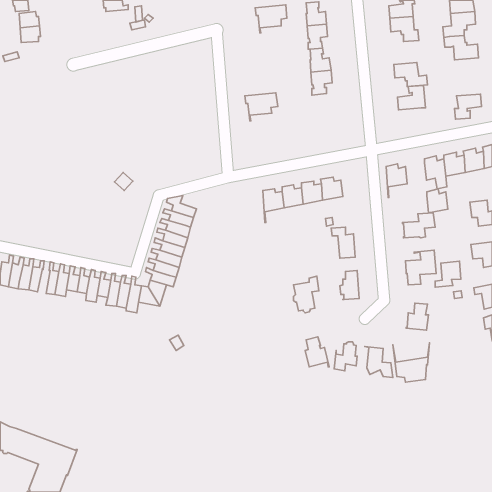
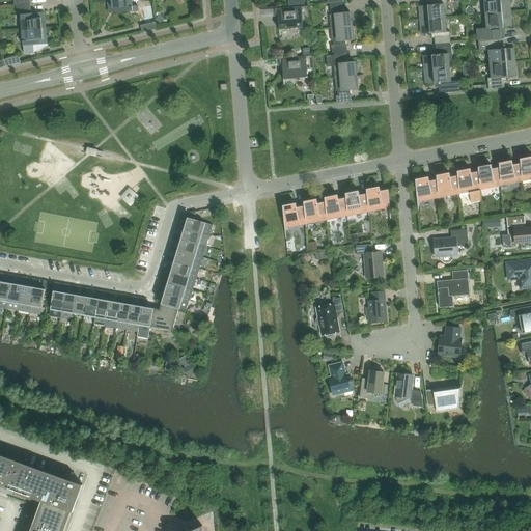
building: [398,86,425,110] -> [423,44,453,69]
building: [245,93,278,121] -> [279,55,314,85]
building: [455,94,482,119] -> [487,62,516,89]
building: none -> [366,187,391,219]
building: [427,189,448,213] -> [437,172,459,198]
building: [435,261,461,287] -> none

